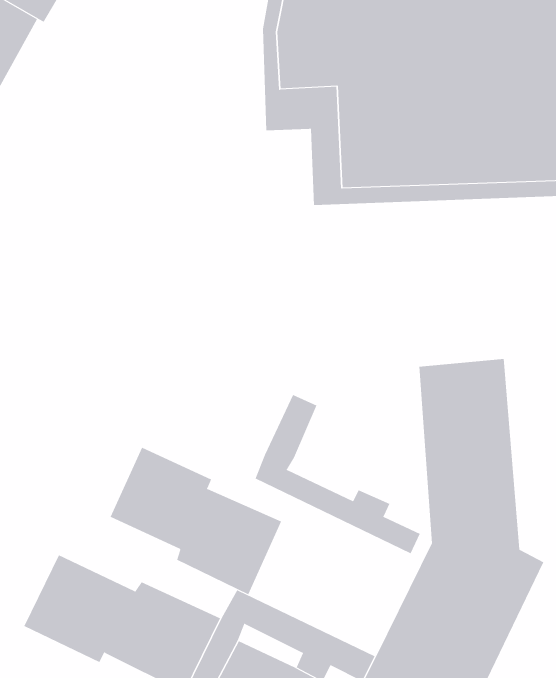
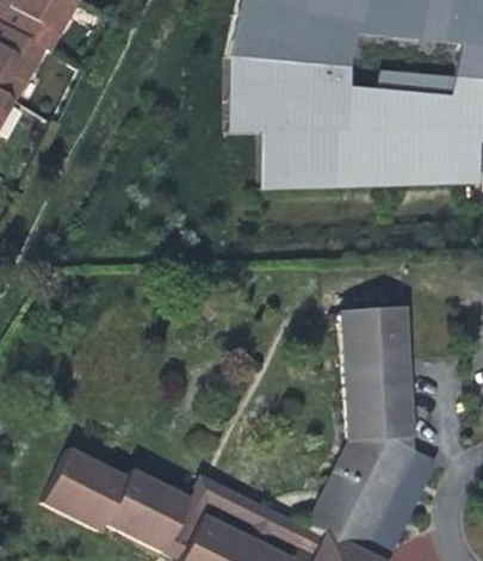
building: [255,394,420,554] -> none
building: [110,447,282,595] -> none

